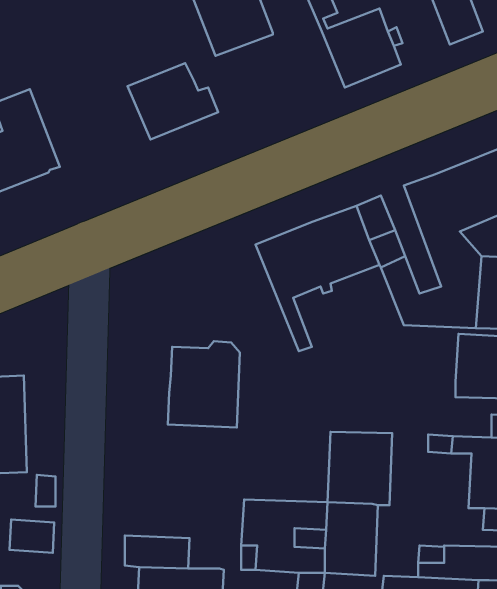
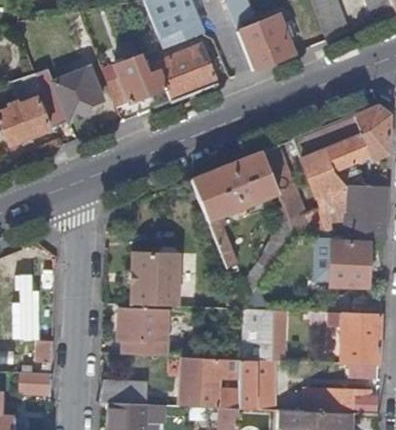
building: none -> [149,45,218,103]
building: none -> [35,67,102,126]
building: none -> [119,310,168,356]

